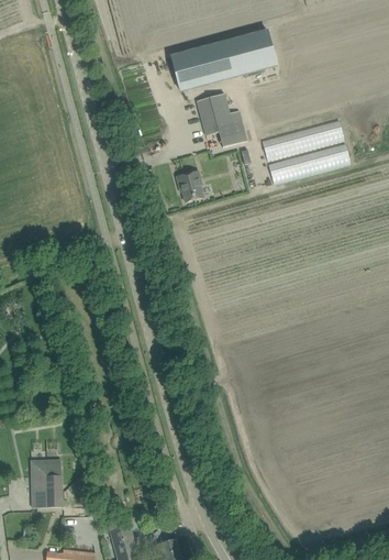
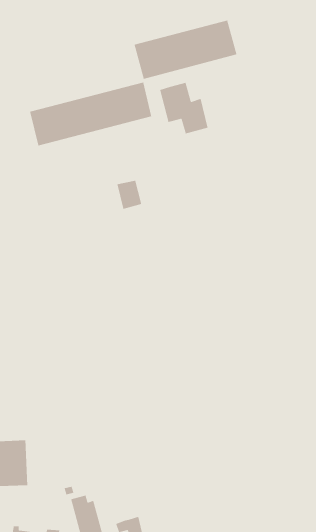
building: none -> [29,82,152,146]
building: [259,122,347,179] -> none
building: [178,171,204,201] -> [116,180,142,210]

